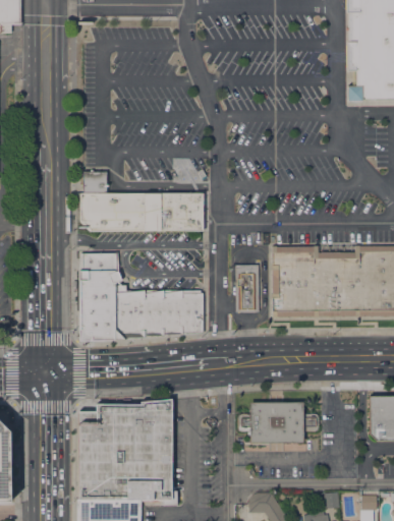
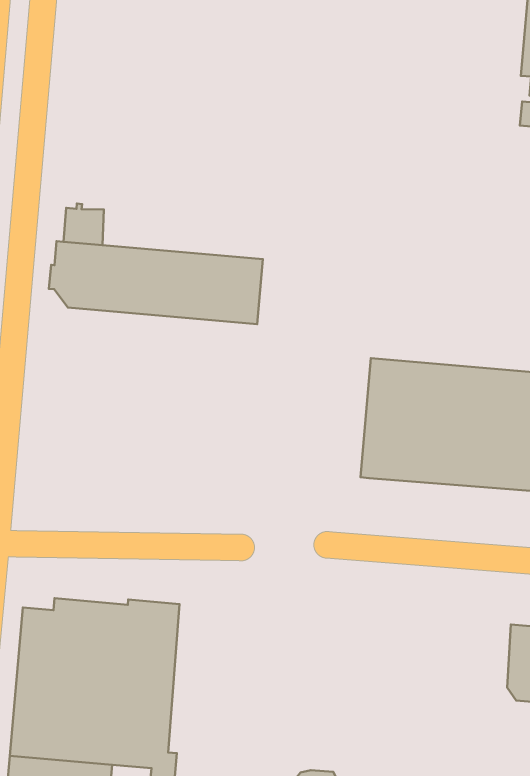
building: [79,252,204,340] -> none
building: [236,265,260,311] -> none
building: [239,402,320,443] -> none

